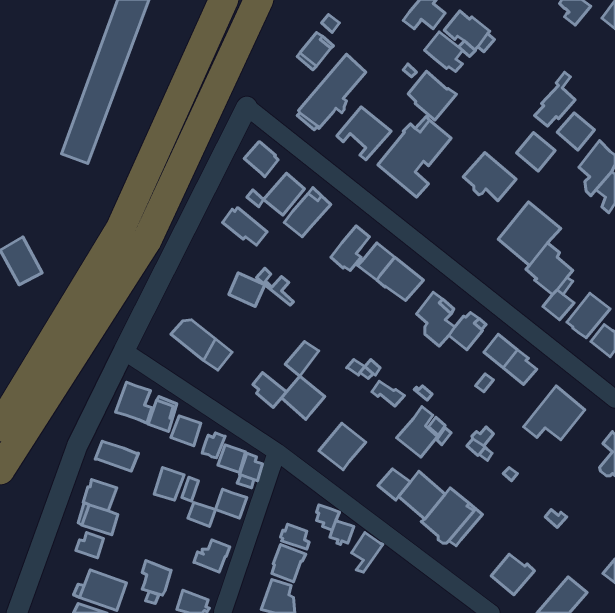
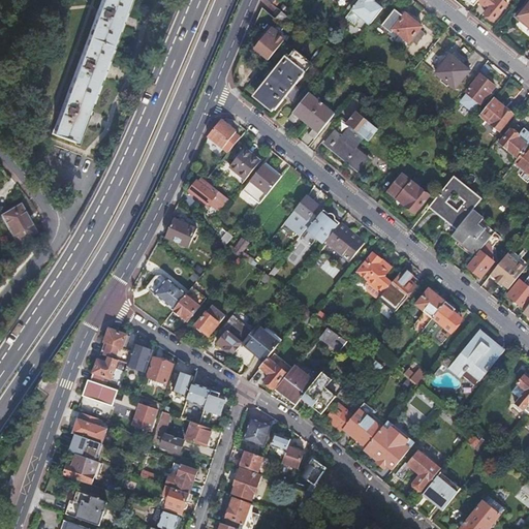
building: [425,32,463,71] -> none
building: [408,71,457,120] -> none
building: [517,133,555,171] -> [437,56,470,89]
building: [463,153,516,201] -> [383,170,429,212]
building: [229,273,265,306] -> [166,218,197,247]
building: [285,341,319,376] -> [194,304,223,334]
building: [397,407,438,457] -> [300,370,335,413]
building: none -> [256,355,283,385]
building: none -> [90,356,119,385]
building: none -> [245,417,272,445]
building: none -> [395,452,439,490]
building: [142,560,171,595] -> [164,484,189,514]

